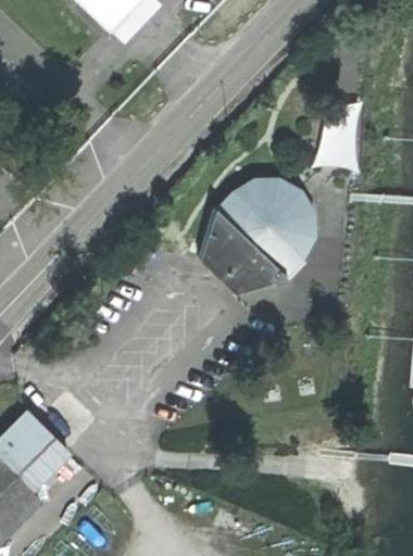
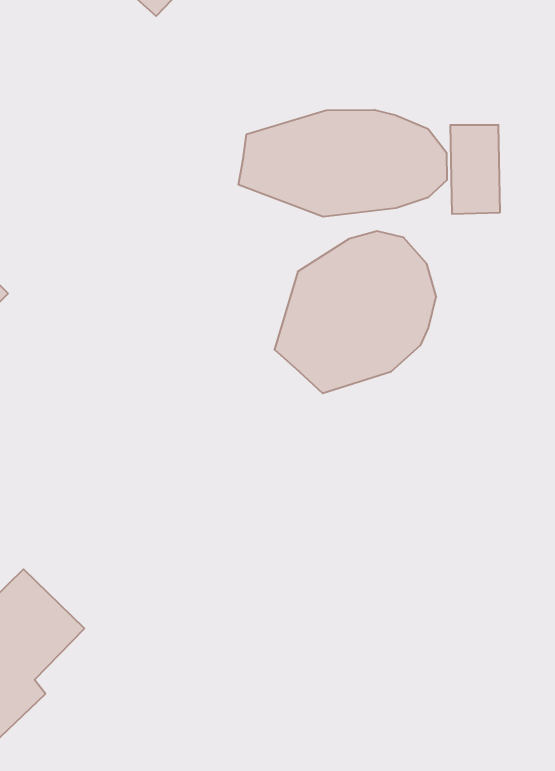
building: none -> [238,110,447,217]

